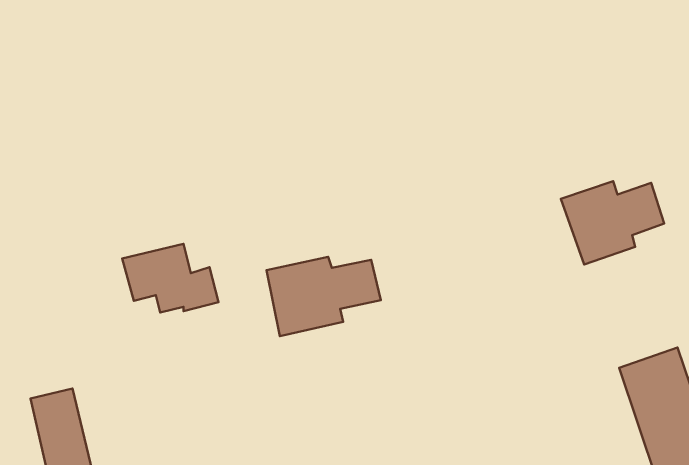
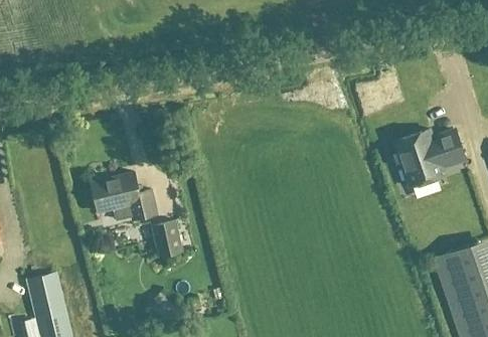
building: [266,257,381,336] -> none
building: none -> [154,220,184,258]

